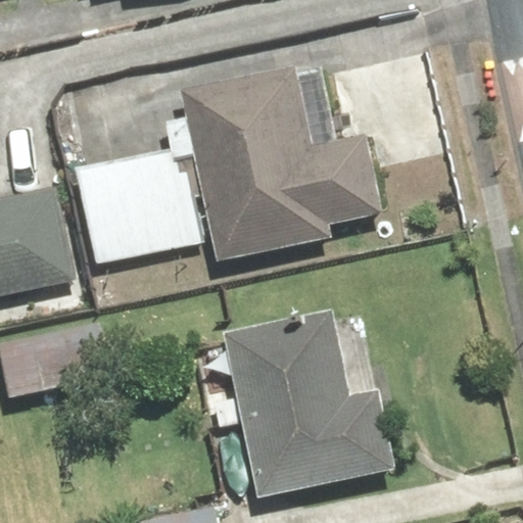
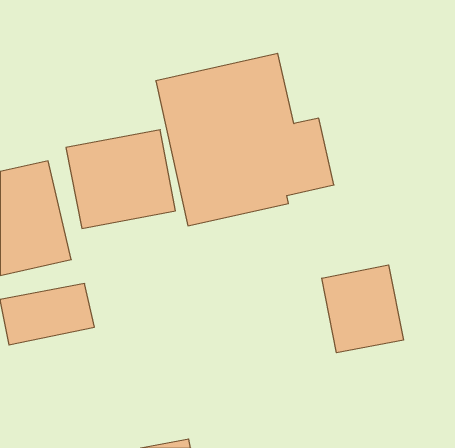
building: none -> [322,265,403,353]
building: [223,312,394,497] -> none

